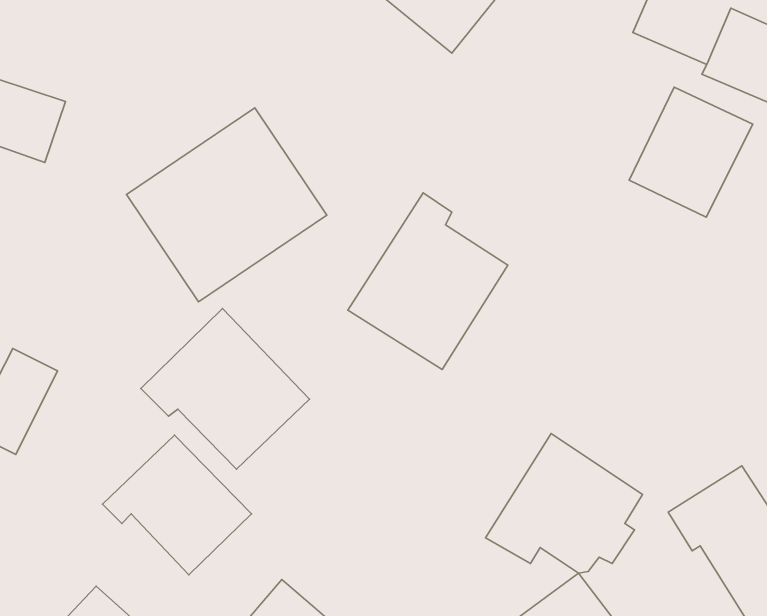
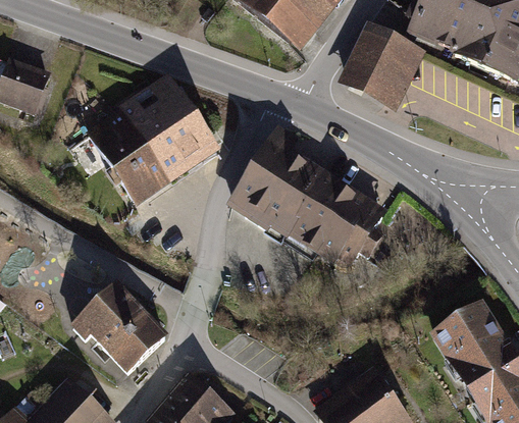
building: [629,87,753,217] -> [343,25,421,108]
building: [141,309,310,469] -> none
building: [486,434,643,573] -> [290,176,390,265]

